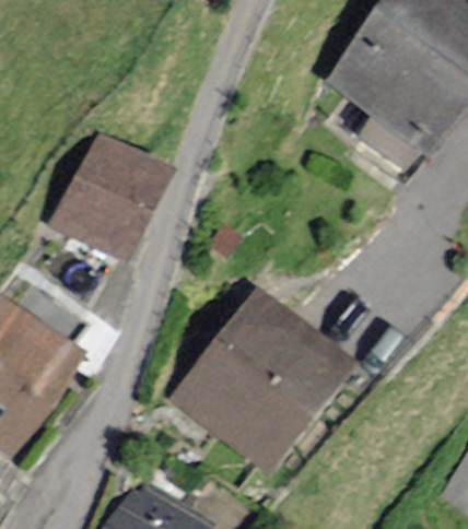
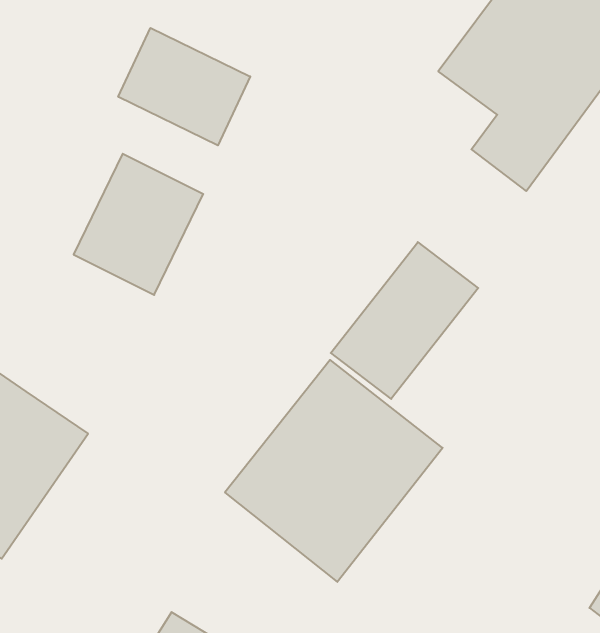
building: none -> [118,28,250,145]
building: none -> [331,242,478,399]

